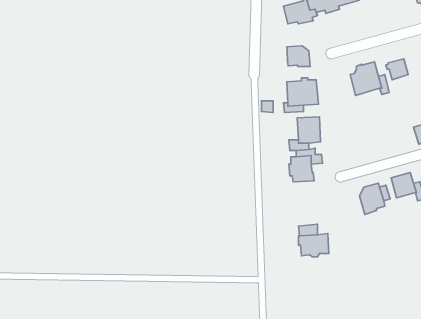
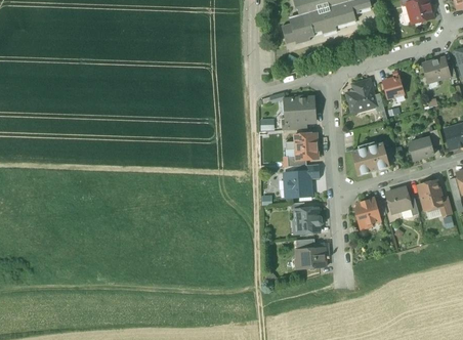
building: [287,46,310,67] -> none
building: none -> [351,142,389,175]
building: none -> [295,207,322,233]

